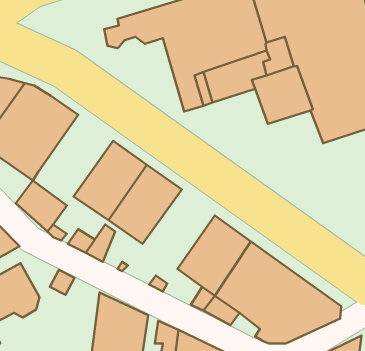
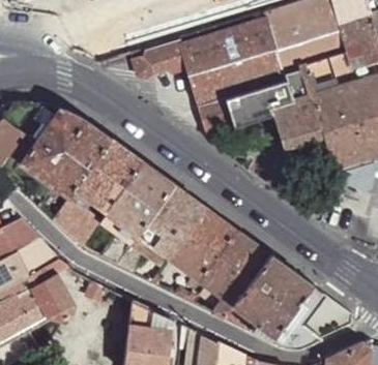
building: none -> [72,138,141,212]
building: none -> [168,206,234,278]

